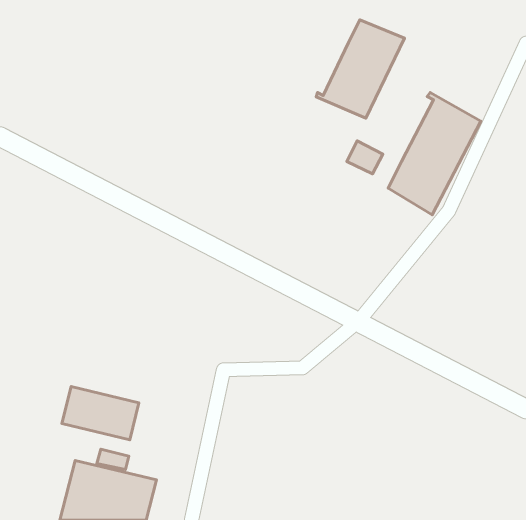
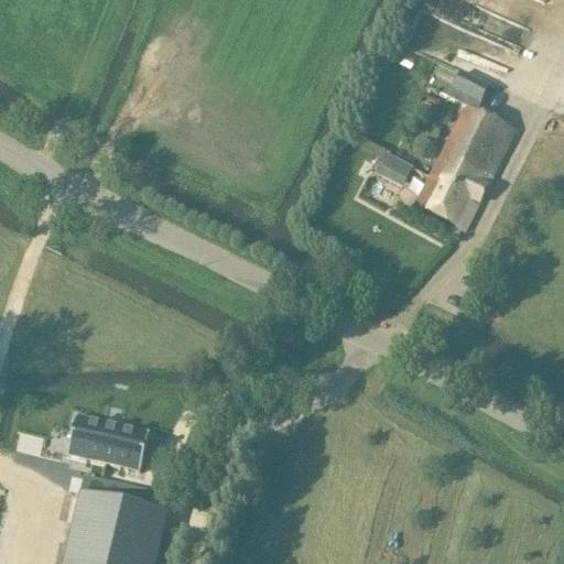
building: [316,20,404,118] -> none
building: none -> [451,70,489,101]

